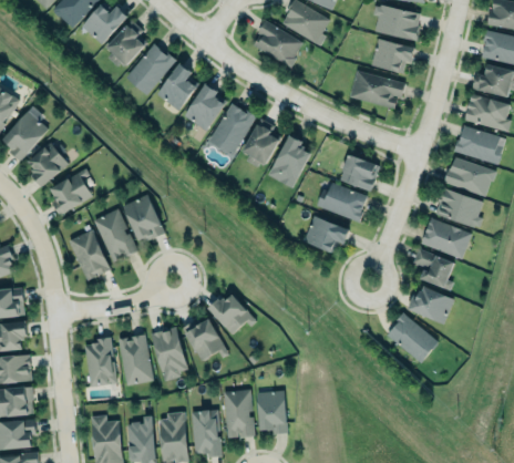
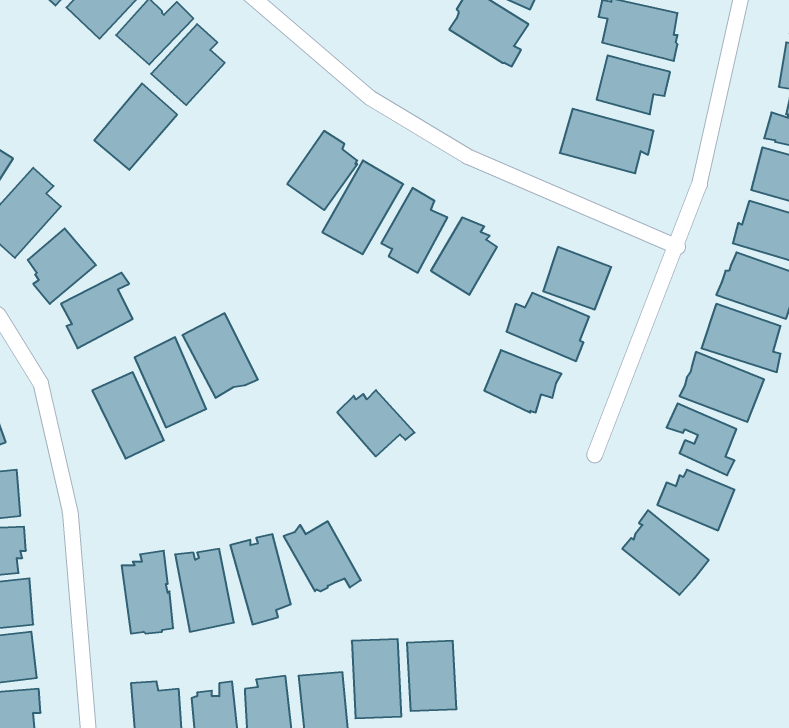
building: [251,21,304,68] -> none
building: [125,43,175,95] -> [94,83,177,170]
building: [157,63,199,111] -> none
building: [209,296,256,336] -> [337,390,415,456]

